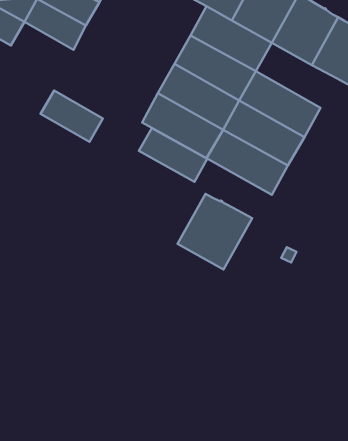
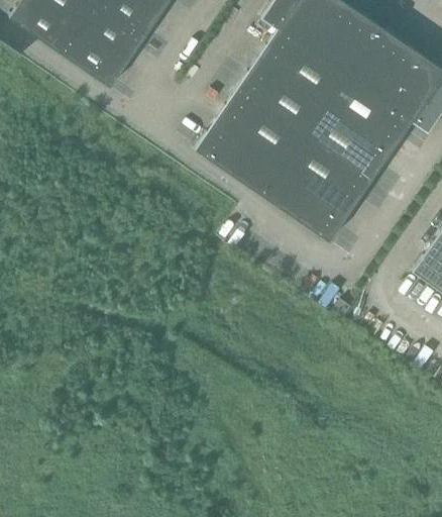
building: none -> [324,75,412,150]
building: [40,90,103,142] -> [60,27,127,87]
building: [139,128,207,182] -> none
building: [177,194,252,269] -> none

